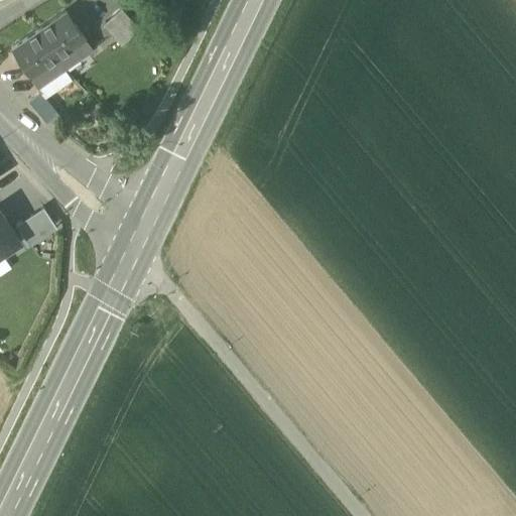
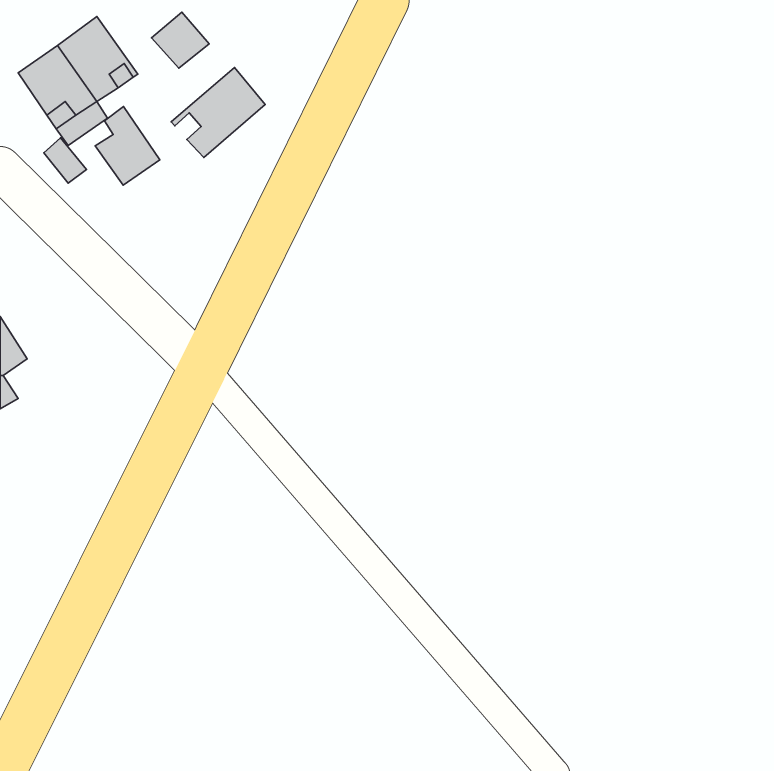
building: none -> [171,68,265,157]
building: none -> [95,107,160,185]
building: [15,209,55,247] -> none

